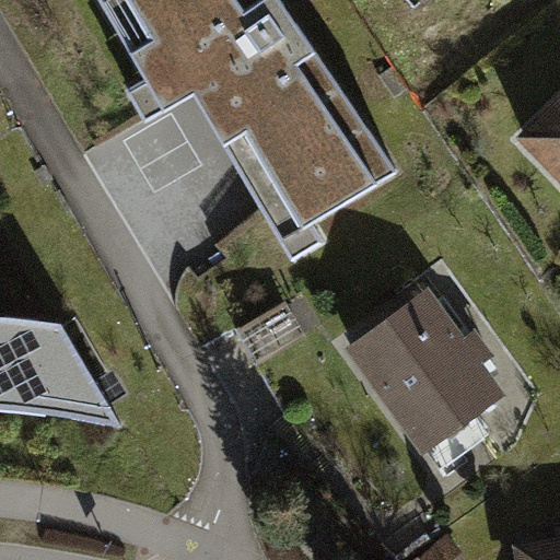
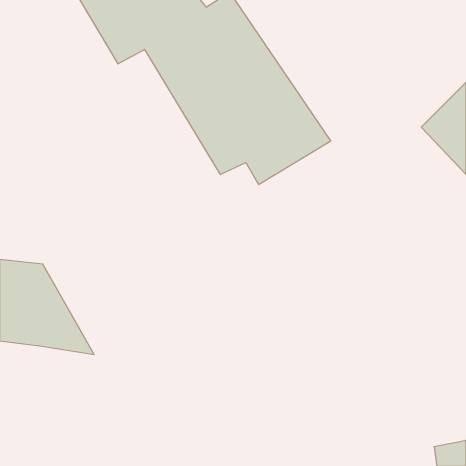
building: [374,318,512,467] -> none

